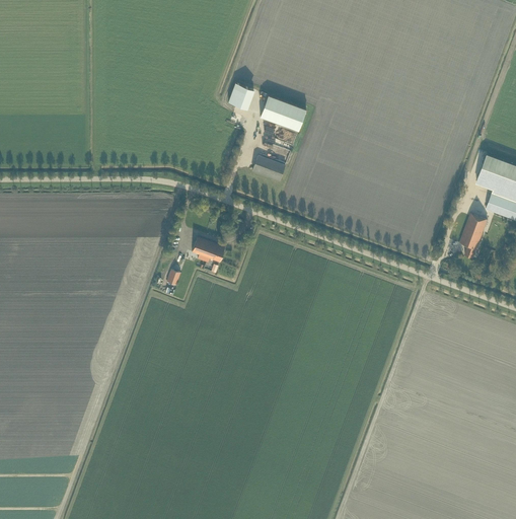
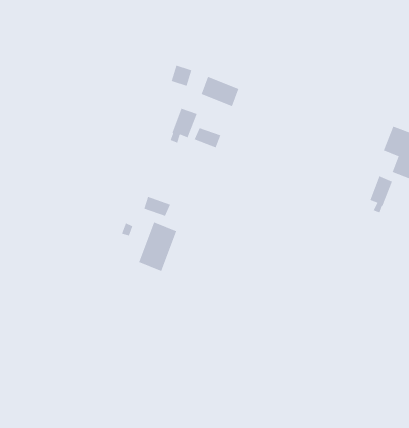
building: none -> [170,108,197,143]
building: none -> [139,222,177,272]

